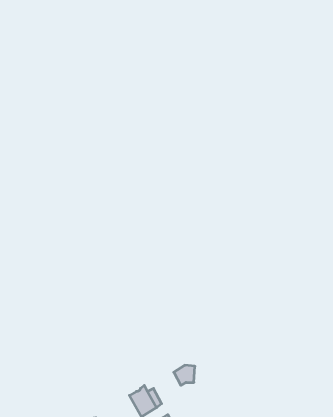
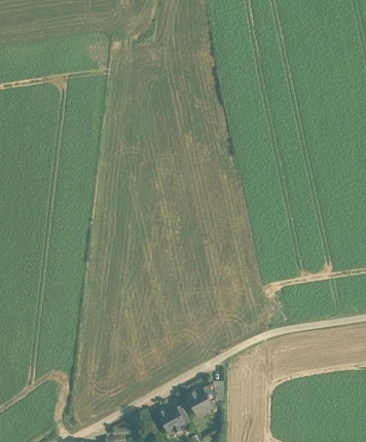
building: none -> [185,389,212,415]

